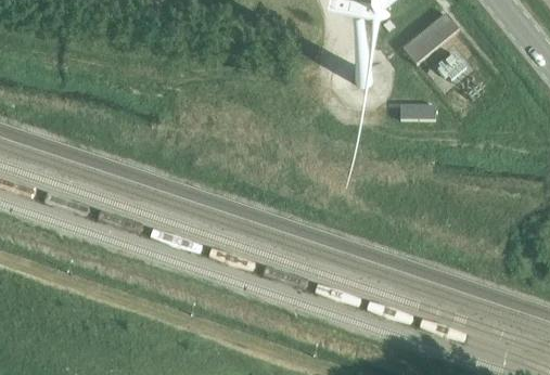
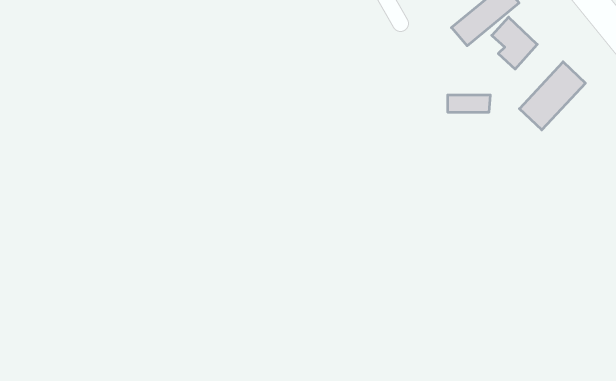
building: none -> [519,62,585,130]

